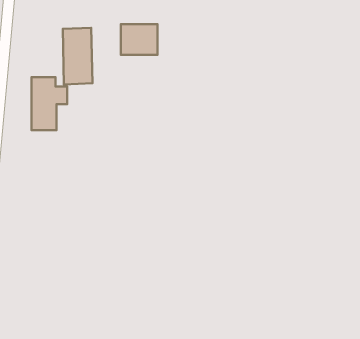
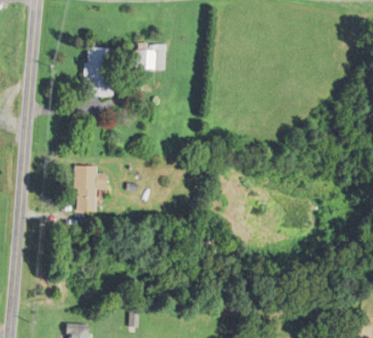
building: [32,77,67,130] -> [76,165,107,211]

